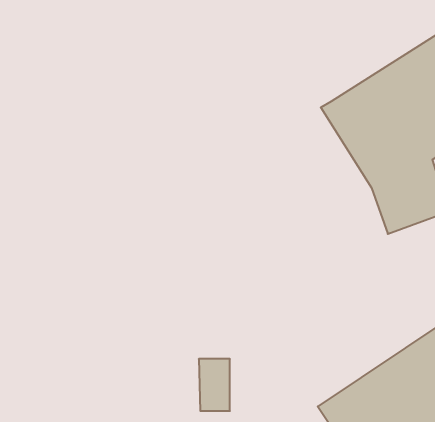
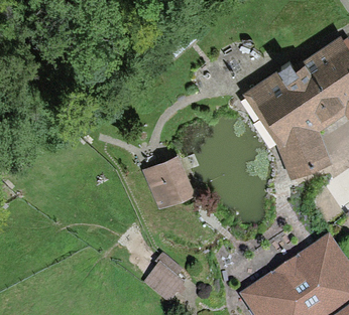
building: none -> [141,157,192,208]

